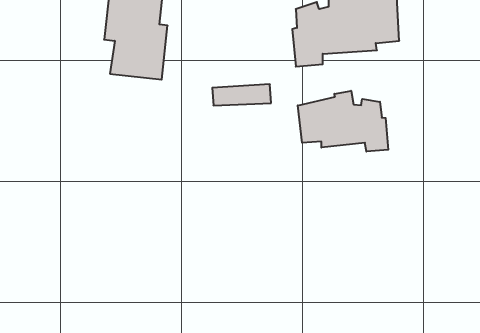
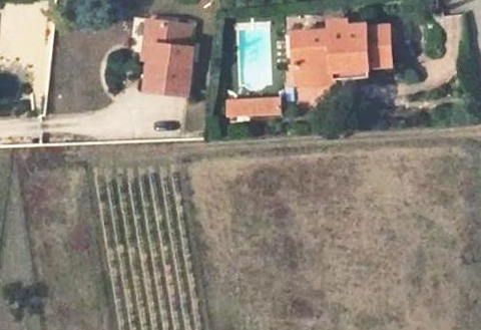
building: [298,91,388,152] -> none

